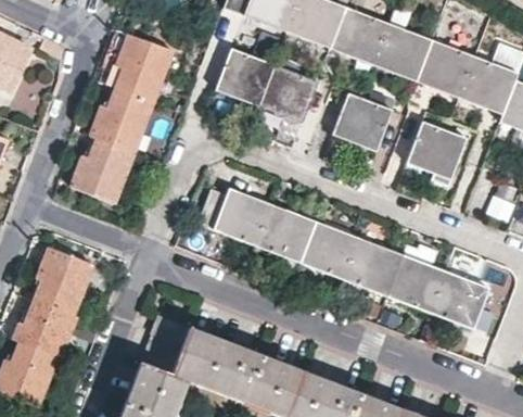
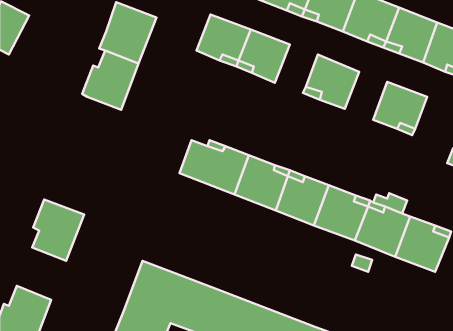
building: [72,138,135,204] -> none
building: [15,301,77,357] -> none

